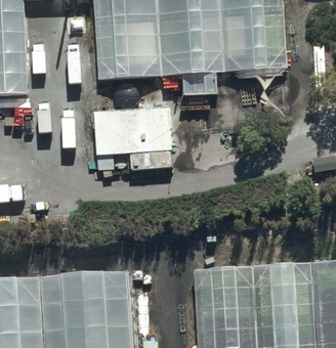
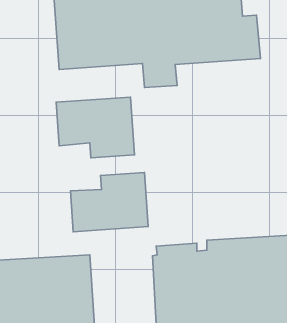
building: none -> [70,172,148,232]

